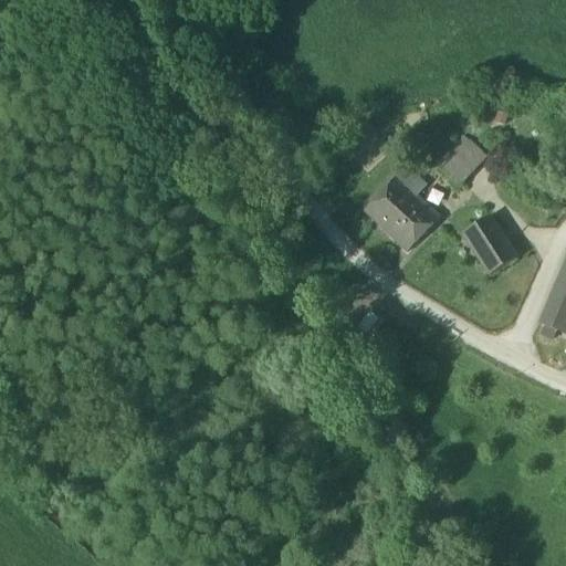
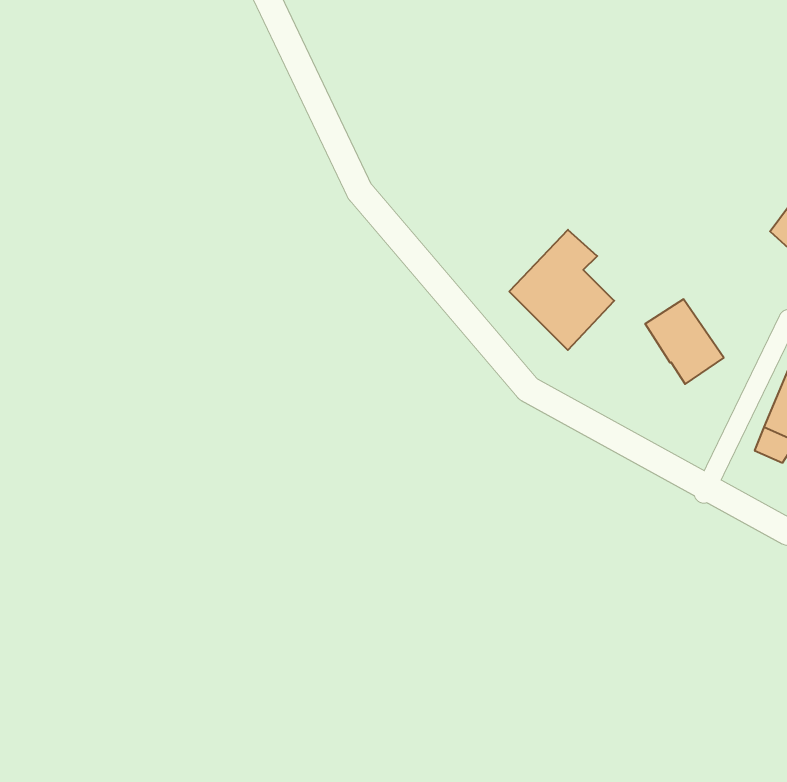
building: [437,134,488,184] -> none

